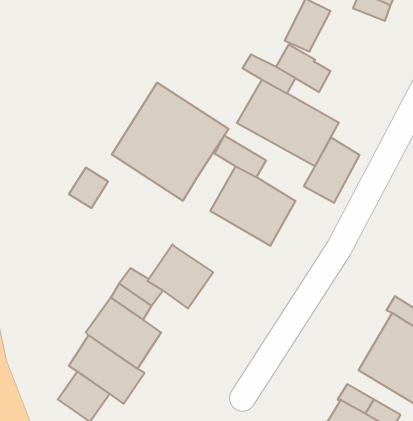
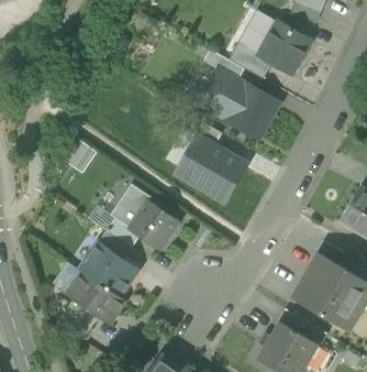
building: none -> [258,22,310,74]
building: [112,83,229,201] -> none
building: [304,137,360,203] -> none
building: none -> [109,183,151,227]

